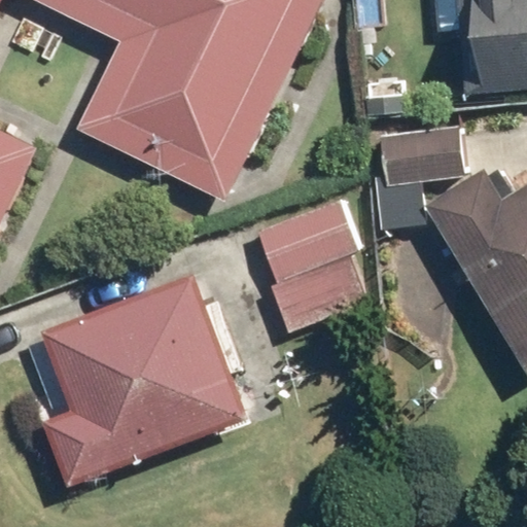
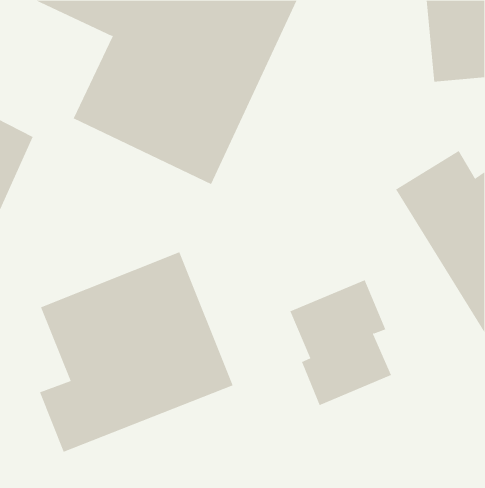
building: [377,122,465,231] -> none
building: [256,197,366,332] -> [290,280,392,406]

